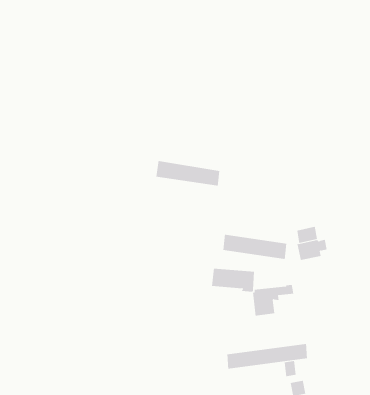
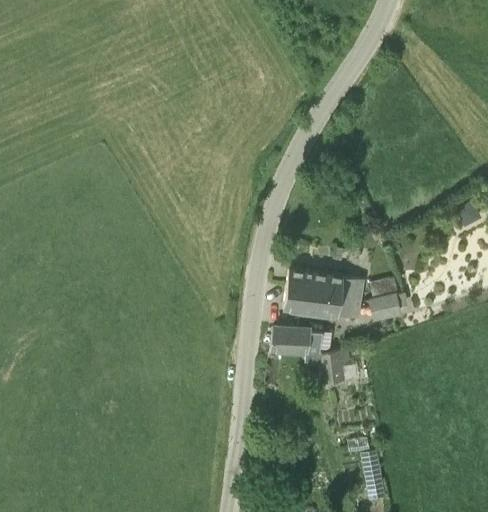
building: [155,161,220,186] -> [286,270,362,300]
building: [227,343,308,370] -> none

